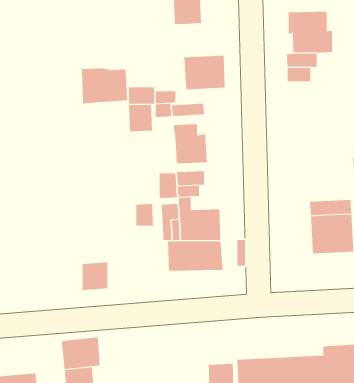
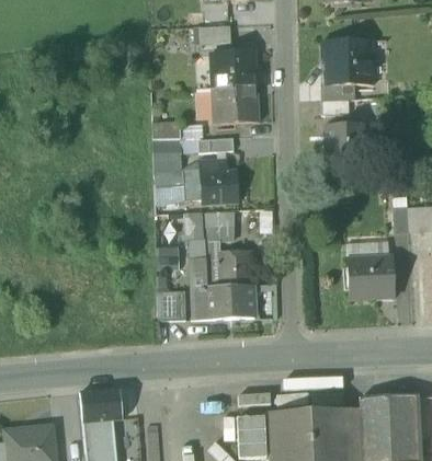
building: none -> [209,51,255,89]
building: [81,68,128,104] -> [154,168,204,206]
building: none -> [327,124,389,165]
building: [82,262,108,290] -> [158,290,186,321]

